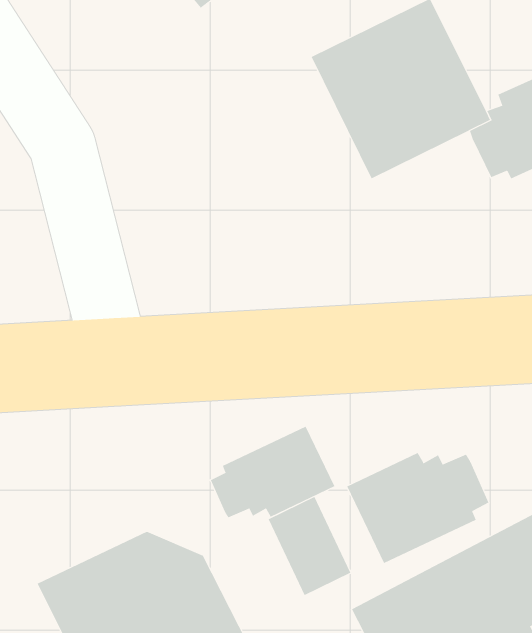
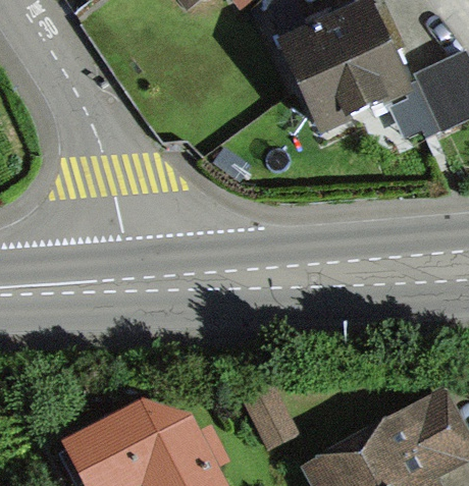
building: [210,426,335,518] -> none
building: [346,452,489,564] -> none

